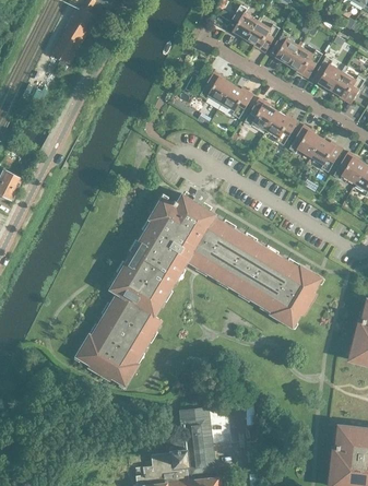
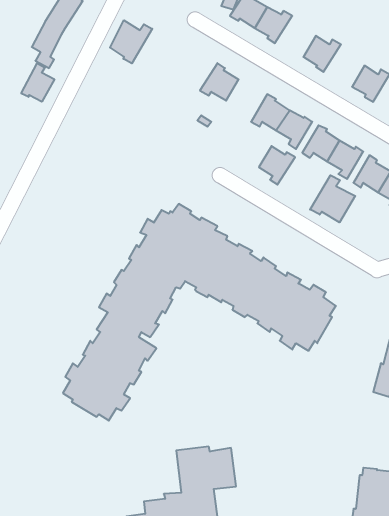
building: [269,31,301,64] -> none
building: none -> [110,20,152,63]
building: [312,56,344,91] -> none
building: none -> [21,63,54,102]
building: [223,84,254,118] -> [259,146,295,185]
building: none -> [310,175,355,222]

